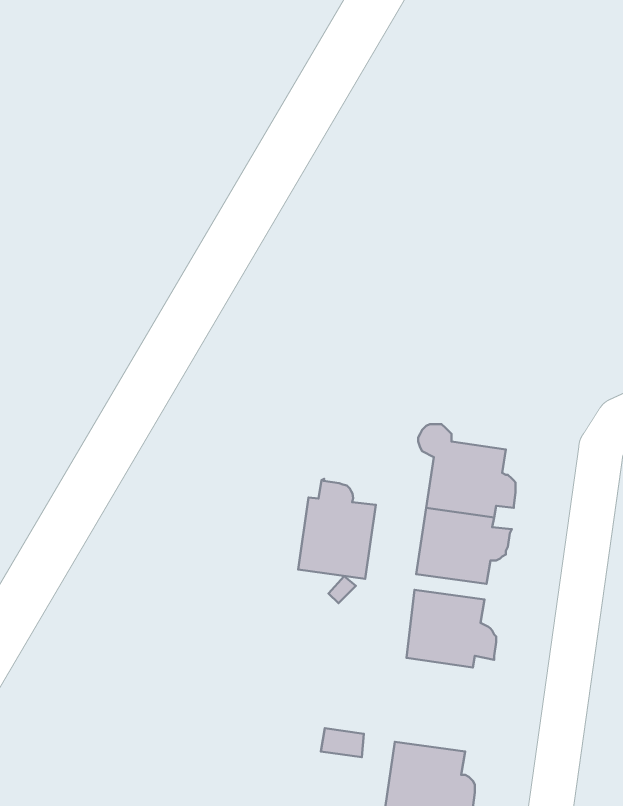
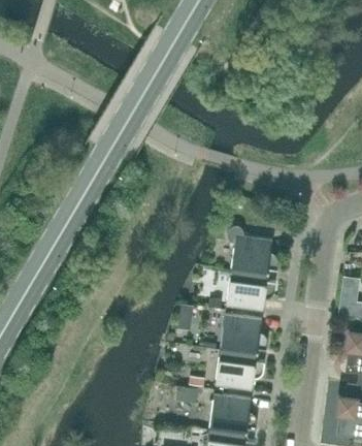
building: [298,479,376,579] -> none
building: none -> [215,350,264,390]

